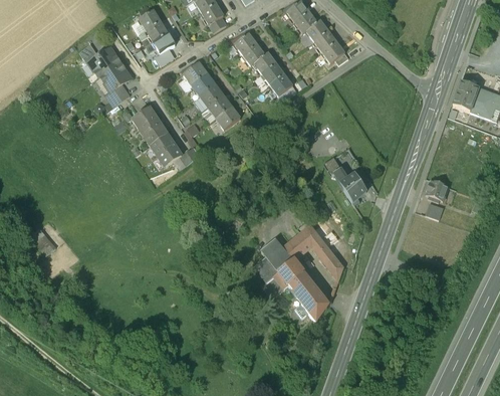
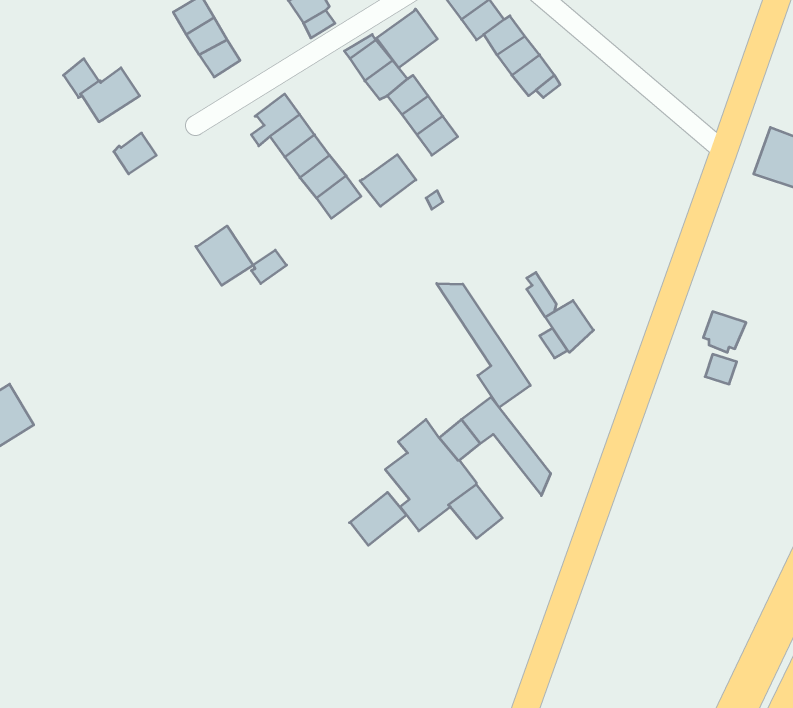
building: none -> [377,9,437,68]
building: [100,62,131,90] -> none
building: none -> [360,155,416,206]
building: [132,106,168,144] -> none
building: none -> [437,283,530,407]
building: none -> [349,492,406,545]
building: [294,289,328,322] -> none

